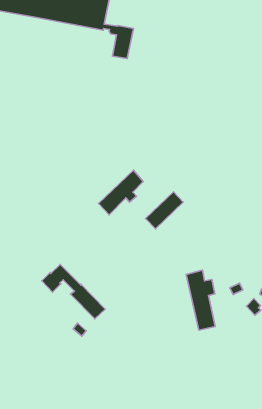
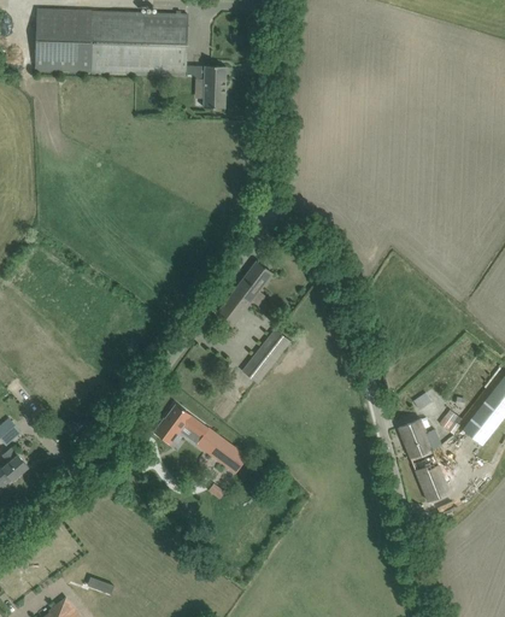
building: [146,192,183,229] -> [241,329,289,383]
building: [186,270,215,330] -> [398,418,448,501]

